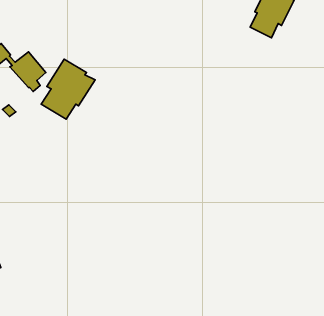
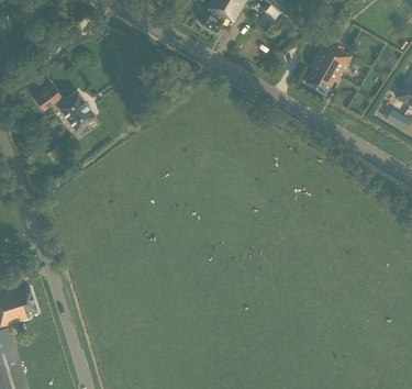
building: [41,59,95,119] -> none

